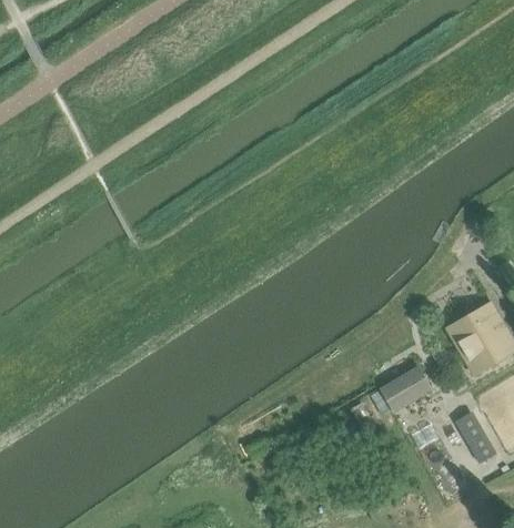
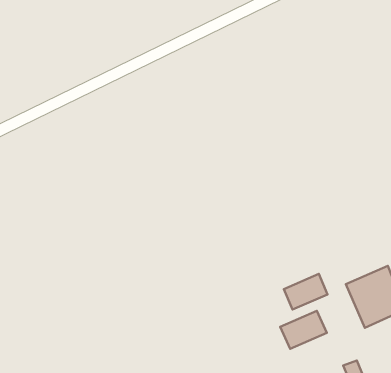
building: none -> [284,274,328,310]

